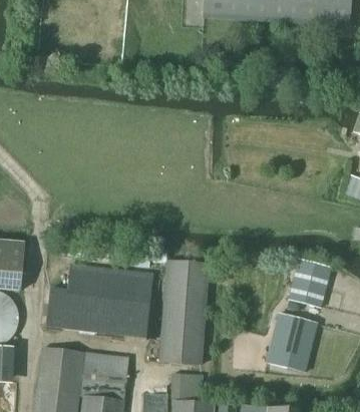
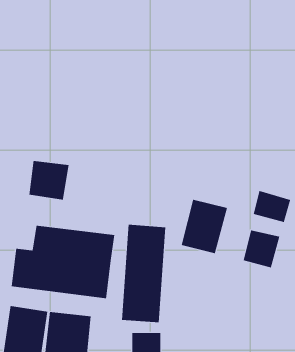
building: none -> [29,160,69,200]
building: none -> [253,190,291,223]
building: [267,314,316,371] -> [181,199,228,254]

